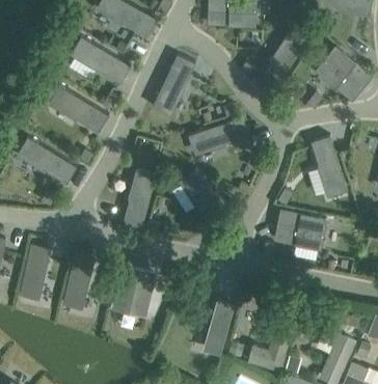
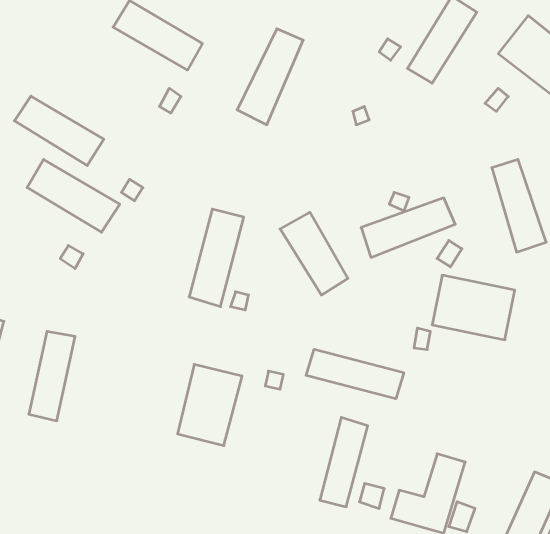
building: [52,88,108,132] -> [14,96,104,166]
building: [188,118,247,156] -> [361,198,455,257]
building: [64,255,93,311] -> none
building: none -> [306,349,404,399]

